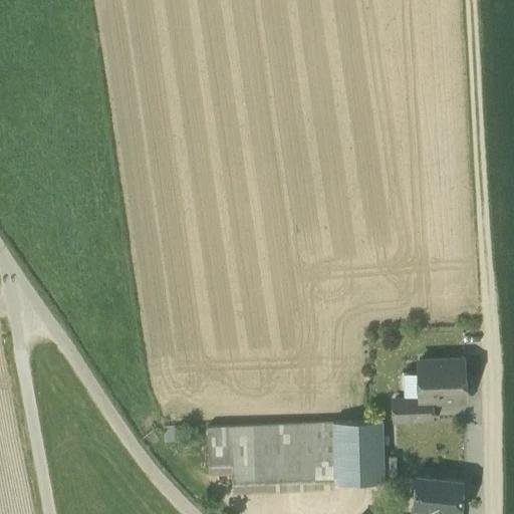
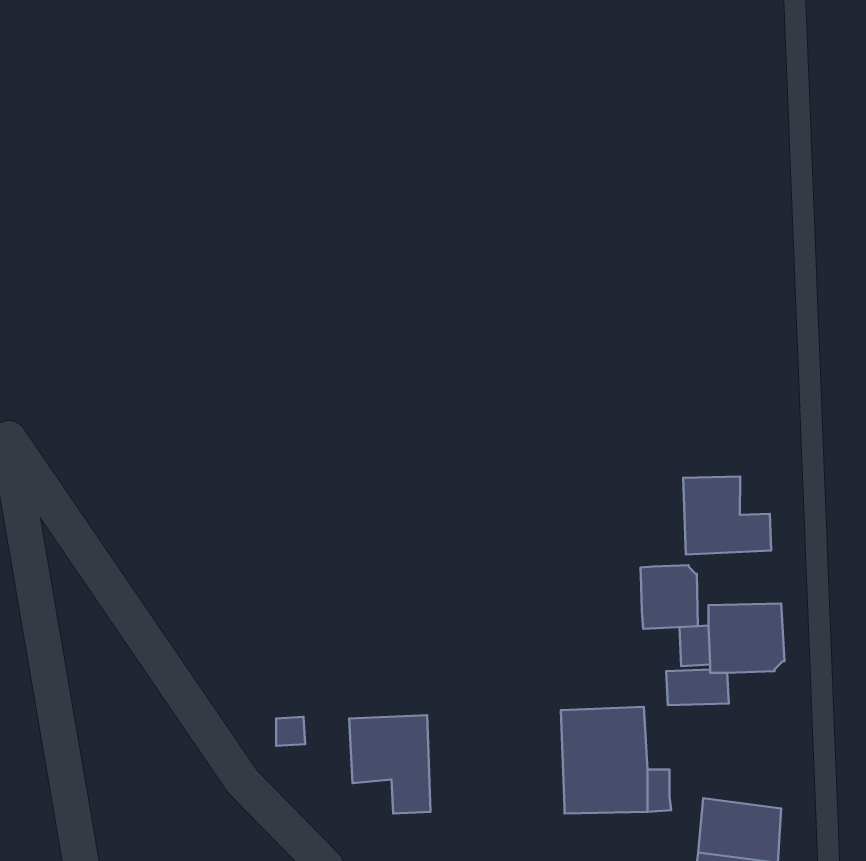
building: none -> [683,476,771,554]
building: none -> [640,565,698,629]
building: [253,424,334,484] -> none

